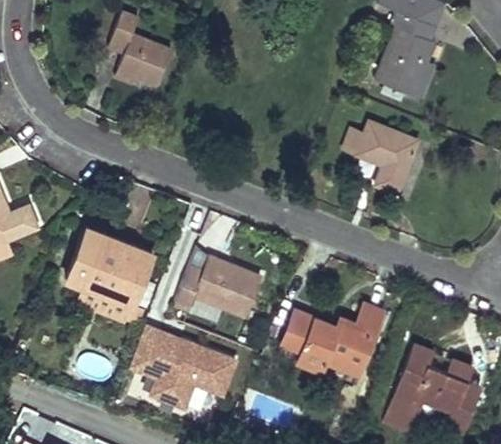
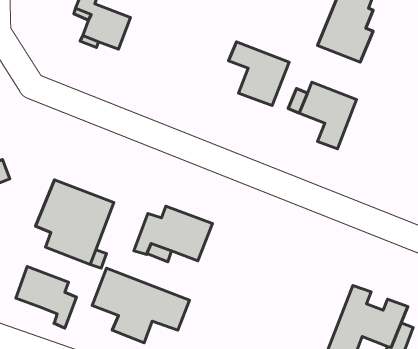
building: none -> [229,42,289,106]
building: [282,304,383,375] -> none
building: none -> [16,267,77,328]

